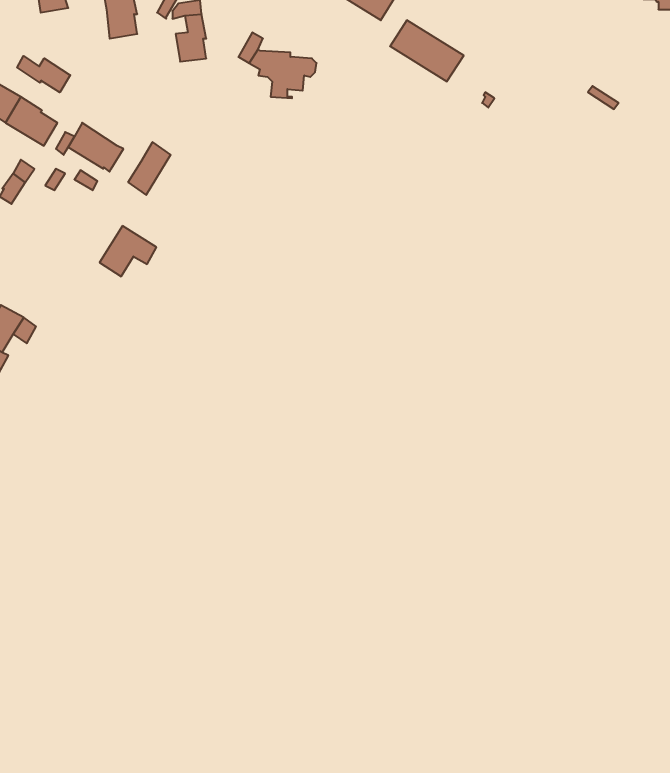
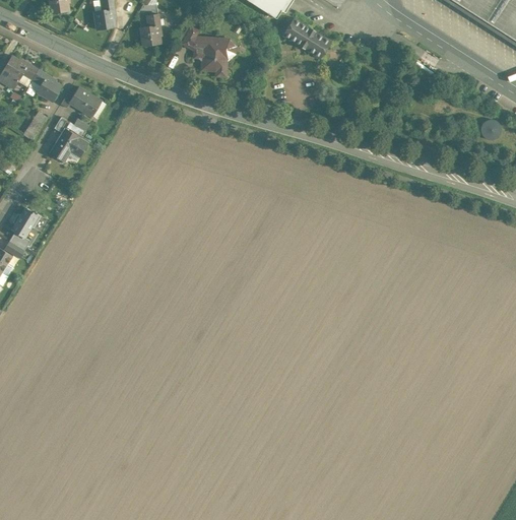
building: [17,56,70,92] -> none
building: [128,142,171,195] -> none
building: [100,226,156,276] -> [50,127,87,160]

